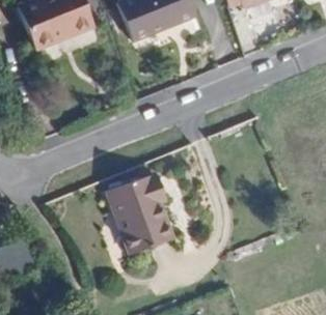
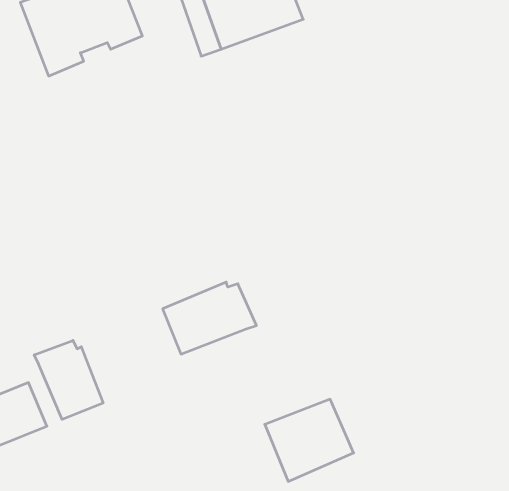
building: [118,205,173,256] -> [265,399,354,481]
building: none -> [34,340,103,419]

